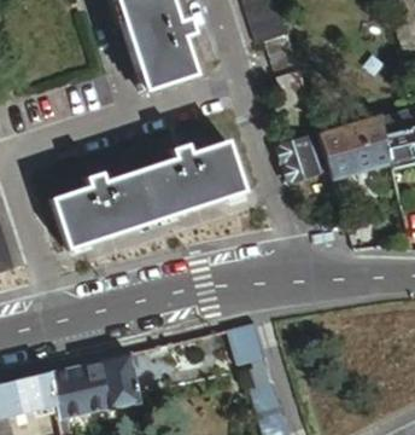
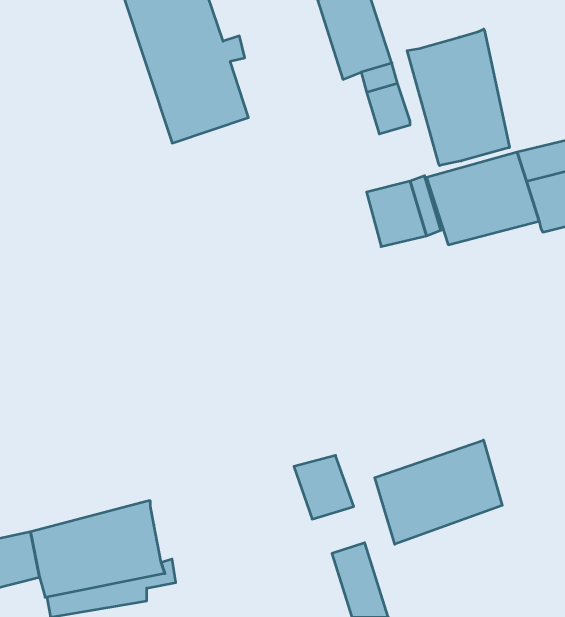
building: none -> [407,29,509,166]
building: [54,138,246,248] -> none
building: none -> [375,440,502,544]

